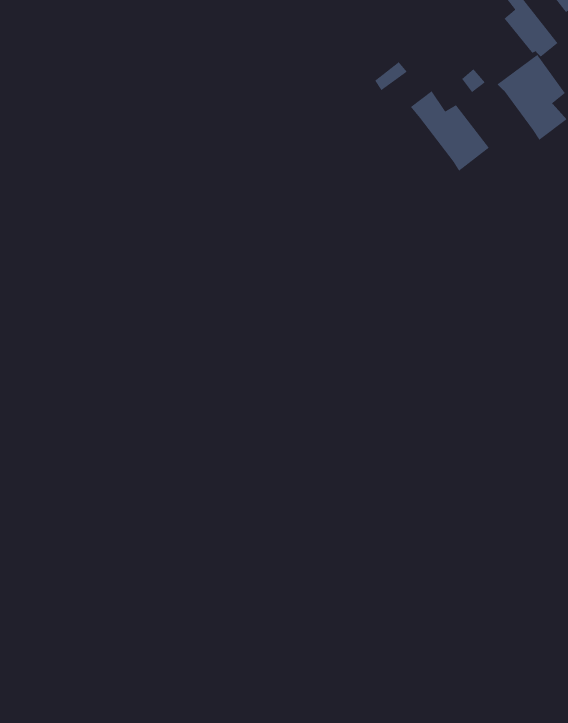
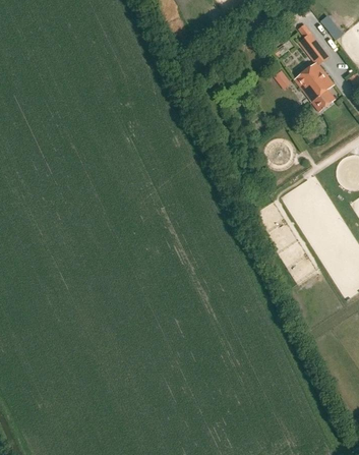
building: [410,90,490,172] -> none

